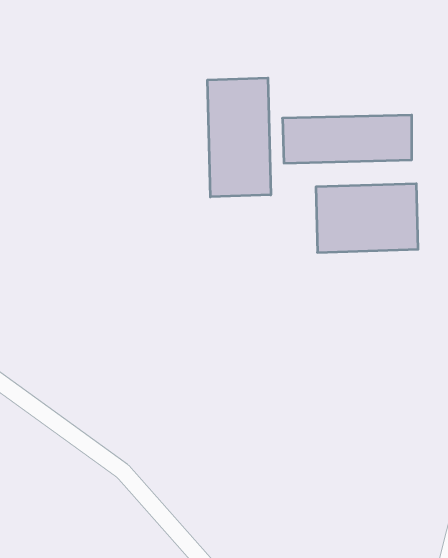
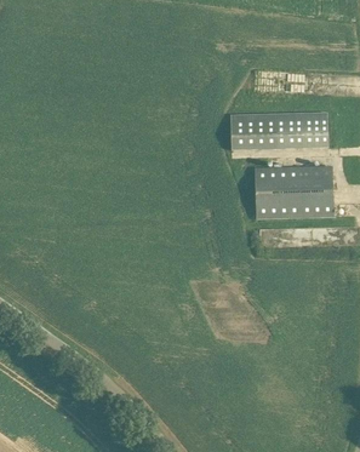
building: [208,78,271,197] -> none

